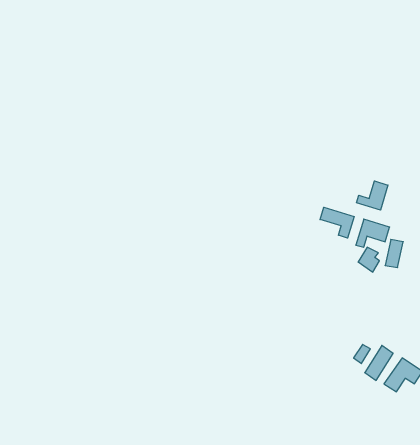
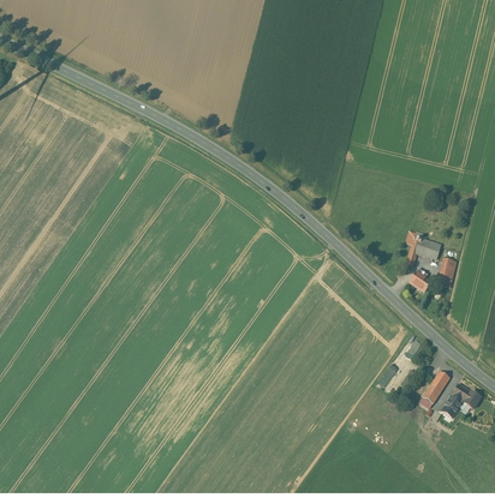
building: [356,181,388,210] -> none
building: [320,207,354,238] -> none

